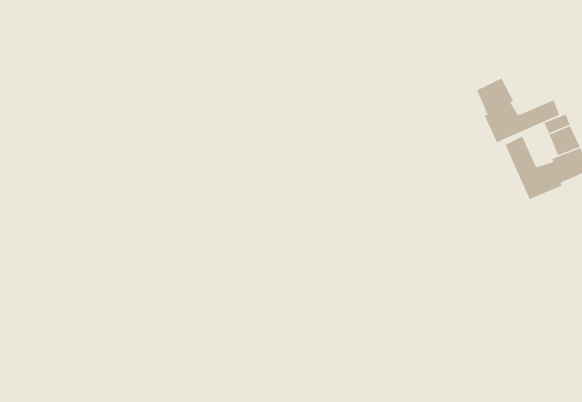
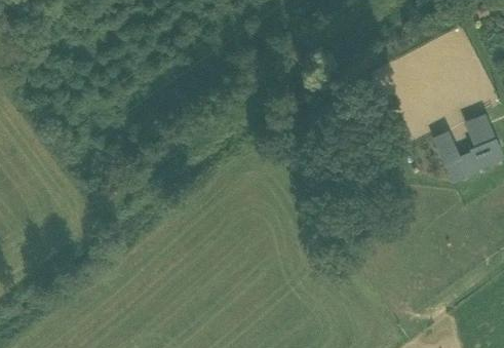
building: [476,77,560,143] -> none

